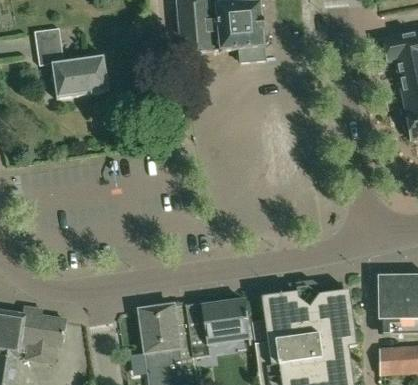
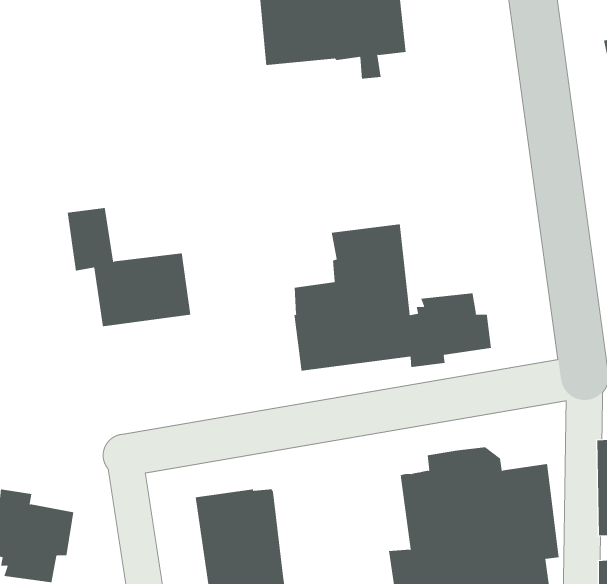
building: [35,27,109,98] -> [67,207,191,327]
building: none -> [294,224,491,371]
building: [186,299,248,357] -> none

